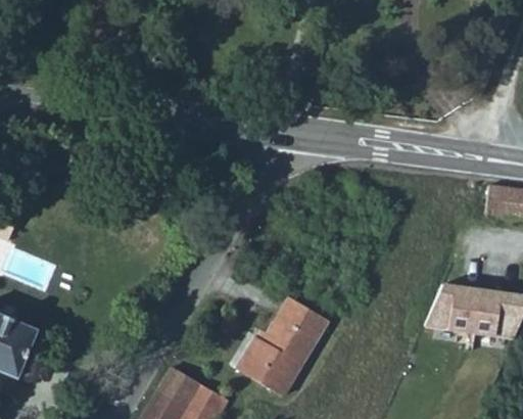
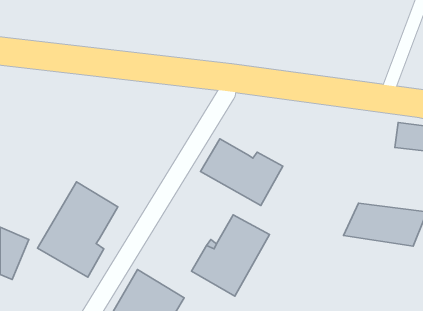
building: none -> [201,139,283,206]
building: none -> [38,182,118,277]

